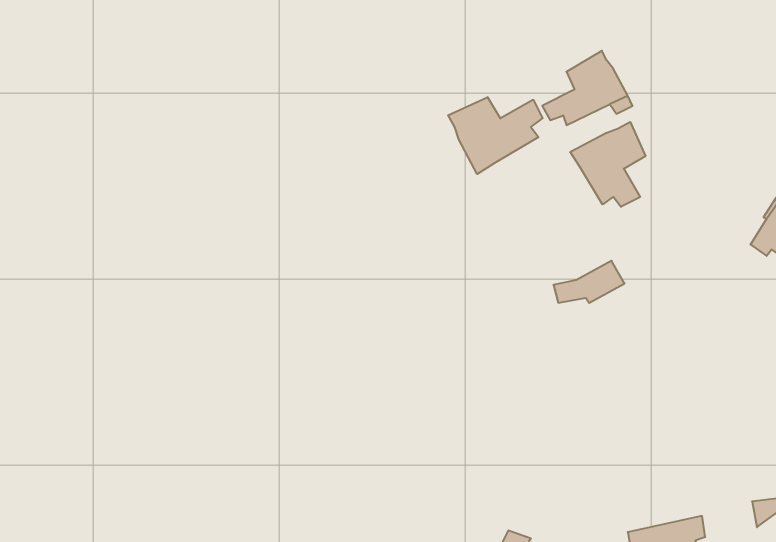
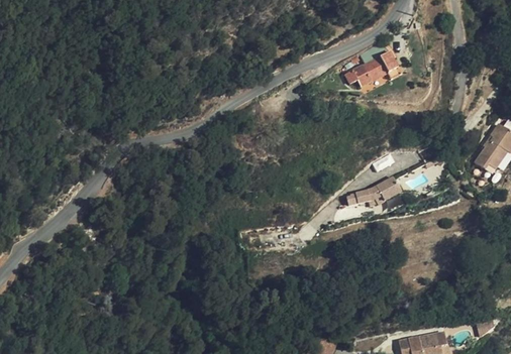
building: [448,97,543,174] -> none
building: [570,122,645,207] -> none

